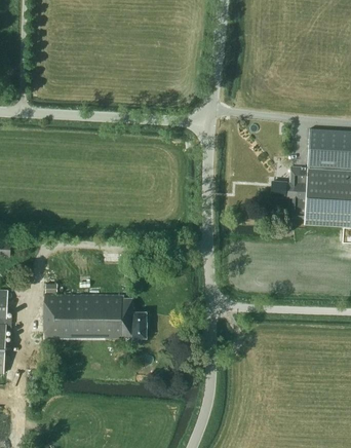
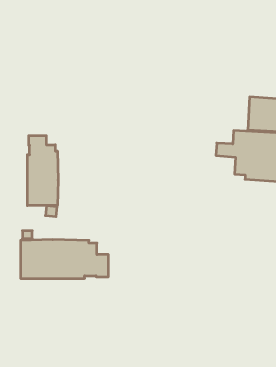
building: none -> [27,136,58,206]

